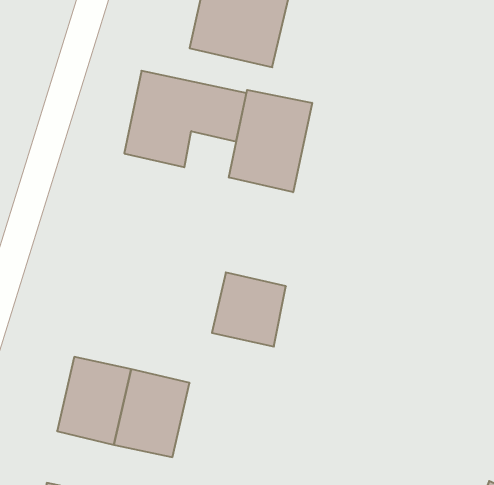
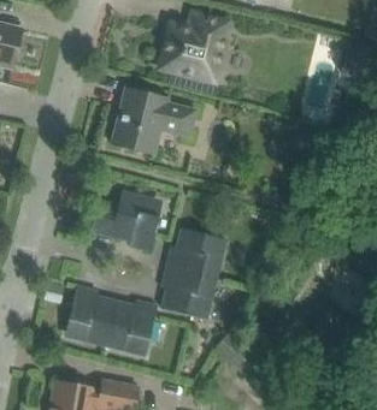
building: [229,90,312,192] -> none
building: none -> [96,194,161,244]
building: none -> [164,271,216,322]

